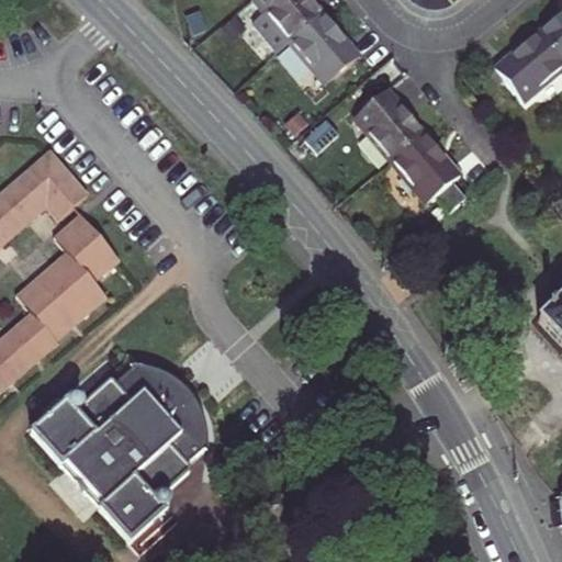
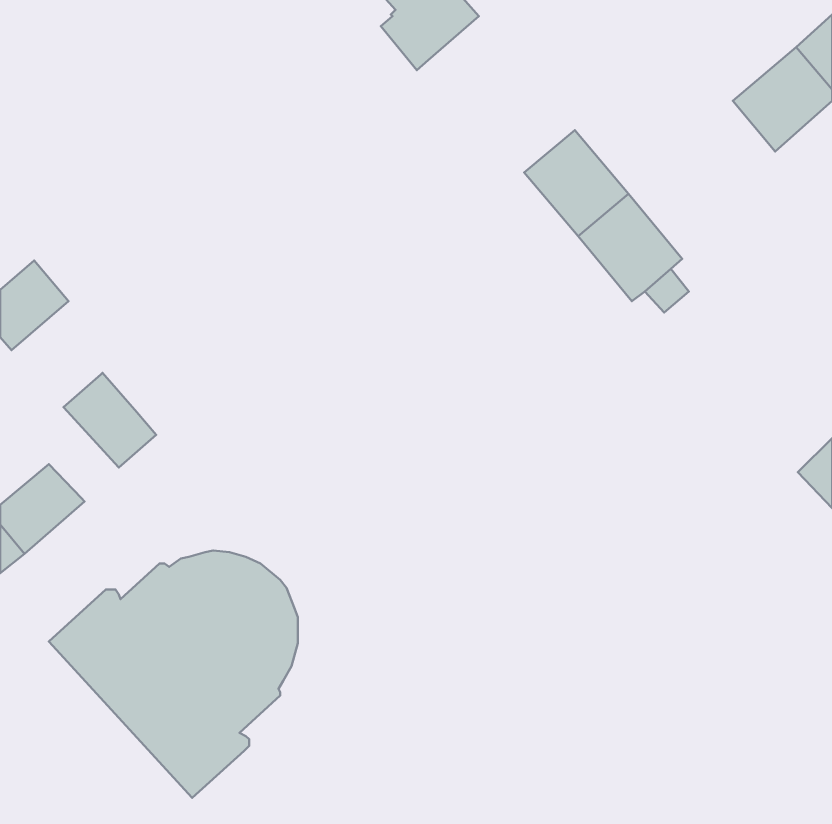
building: [289,11,359,83] -> none
building: [23,153,86,218] -> none
building: [55,215,117,278] -> none
building: [18,274,80,336] -> none

